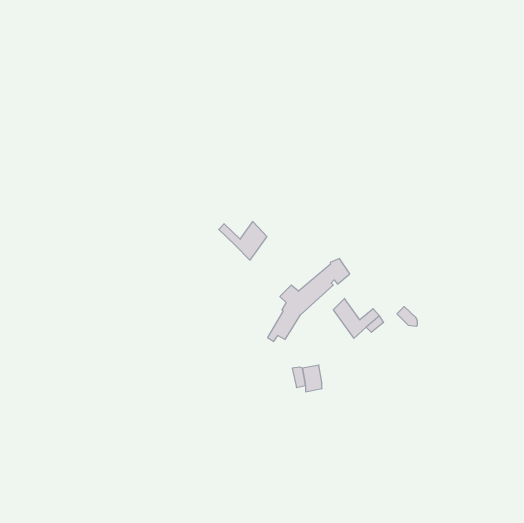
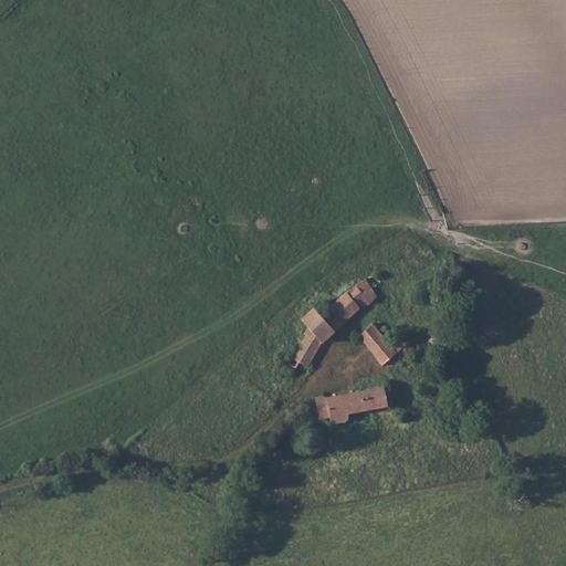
building: [219,222,267,260] -> none
building: none -> [344,387,386,413]

